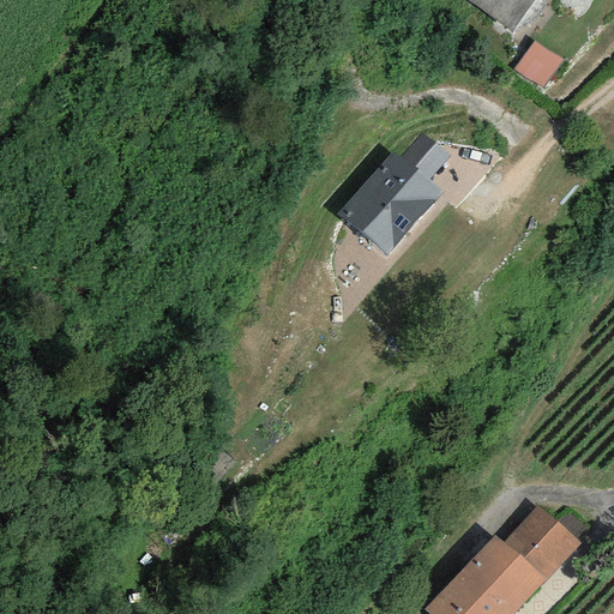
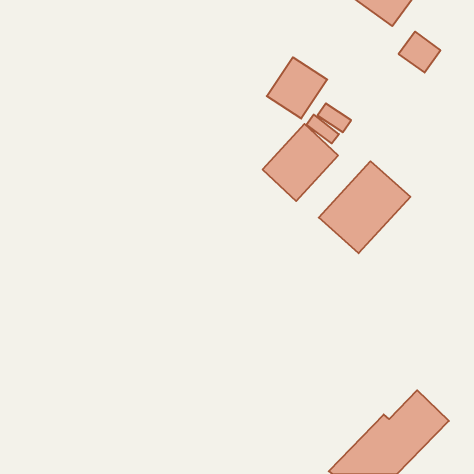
building: none -> [267,57,327,119]
building: none -> [319,161,410,253]

